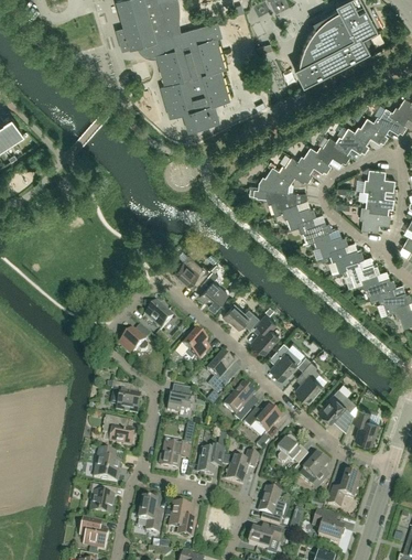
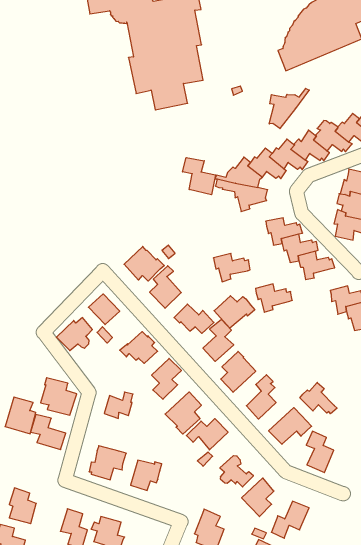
building: none -> [269,88,309,129]
building: none -> [183,158,216,195]
building: [281,205,315,231] -> [213,253,250,282]
building: [345,261,379,288] -> [256,284,292,312]
building: none -> [214,296,255,328]
building: none -> [300,382,337,414]
building: [94,451,120,483] -> [5,397,36,434]
building: [226,454,259,486] -> none

